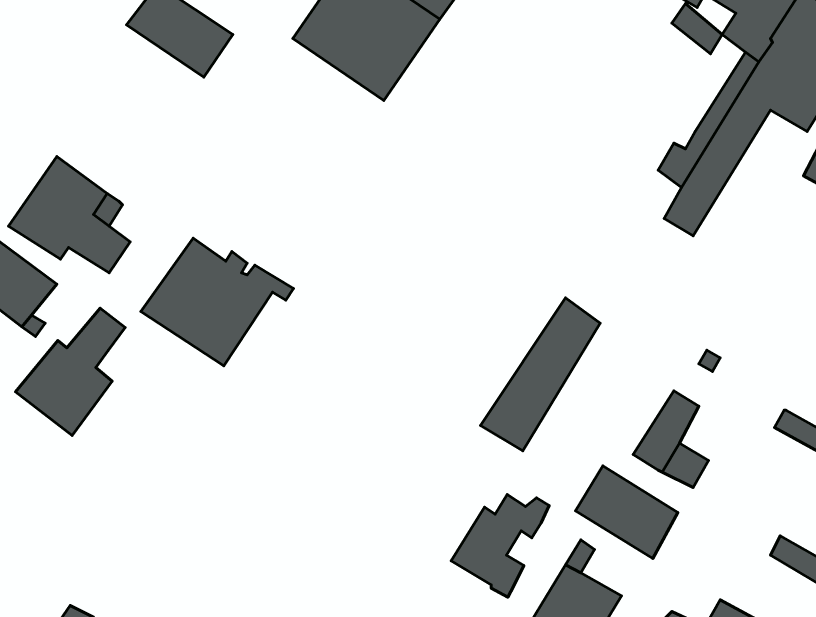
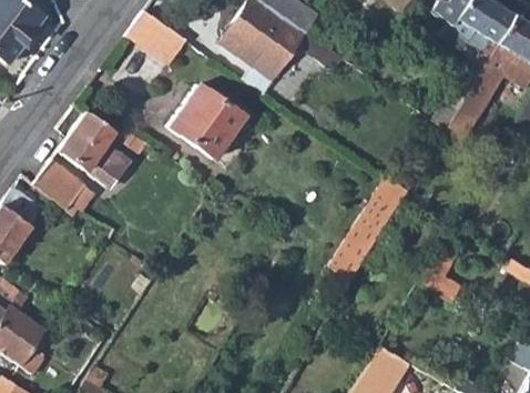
building: [141,238,294,366] -> [170,87,257,160]
building: [15,308,125,435] -> none
building: [575,466,678,559] -> none
building: [451,495,549,597] -> none

